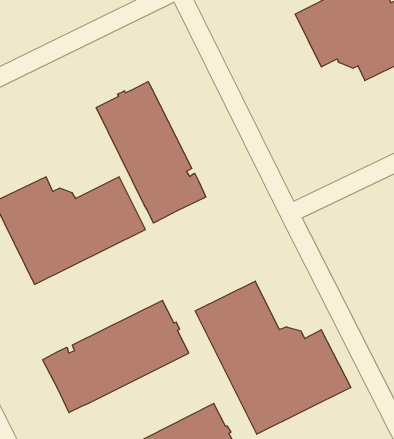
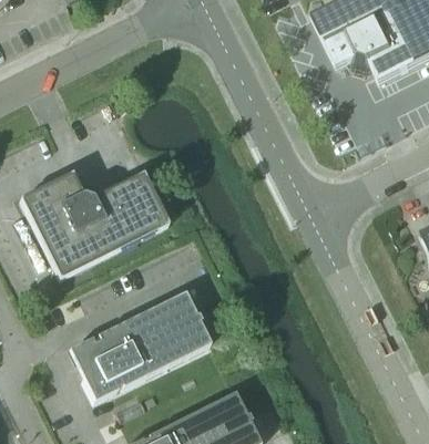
building: [96,82,206,223] -> none
building: [195,281,351,434] -> none

